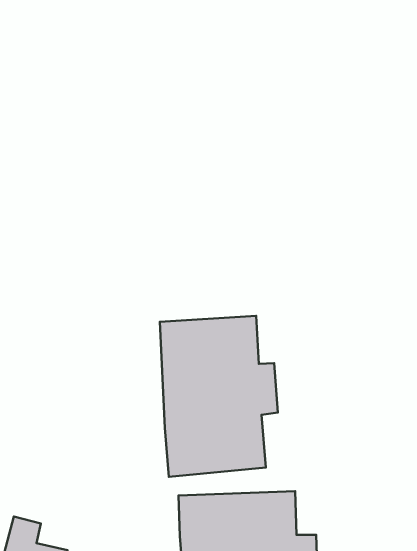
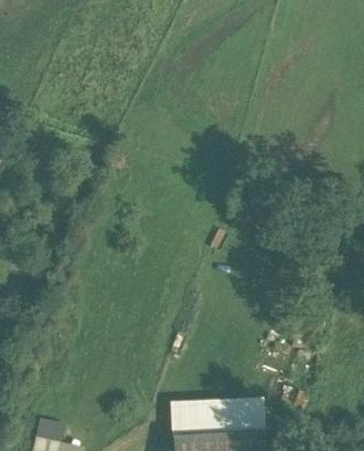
building: [160,316,278,477] -> none

